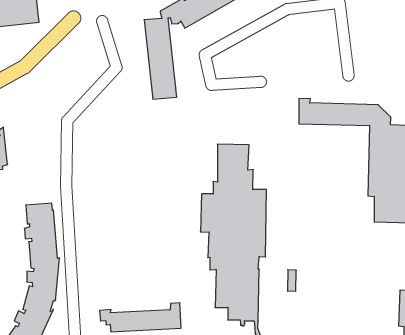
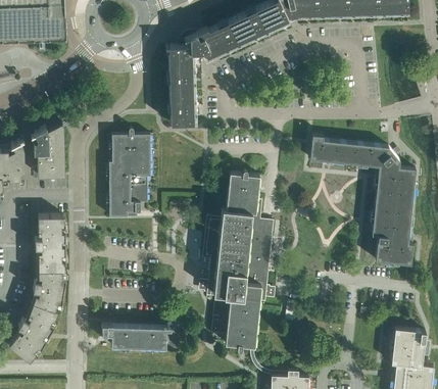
building: none -> [30,126,64,177]
building: none -> [108,136,150,217]

